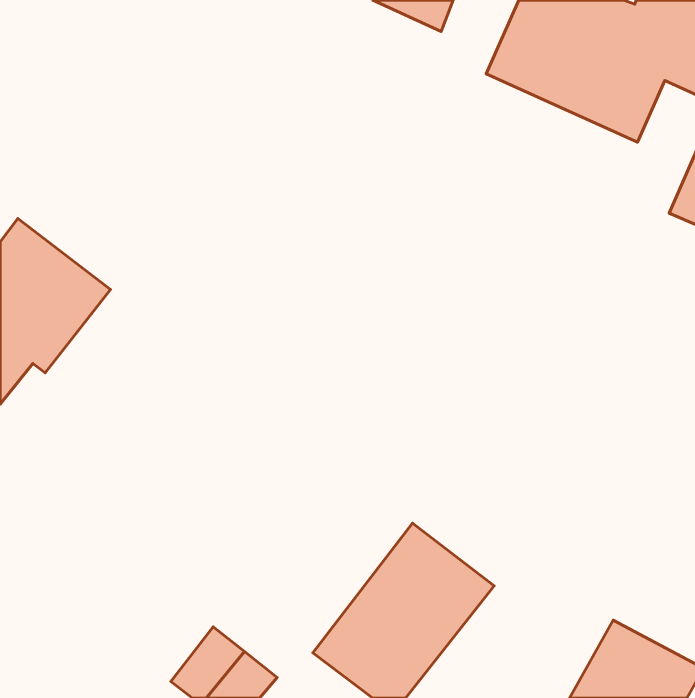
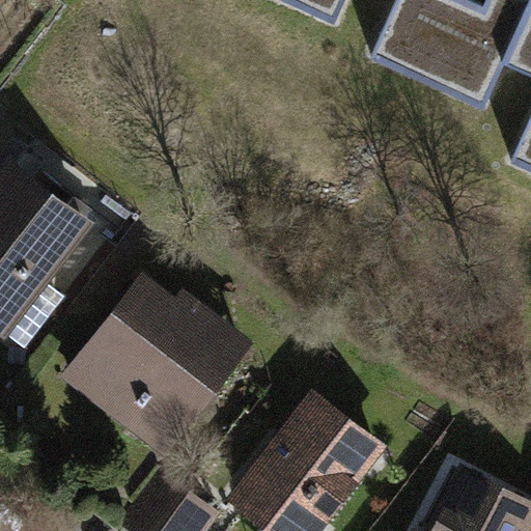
building: none -> [73,280,226,445]

